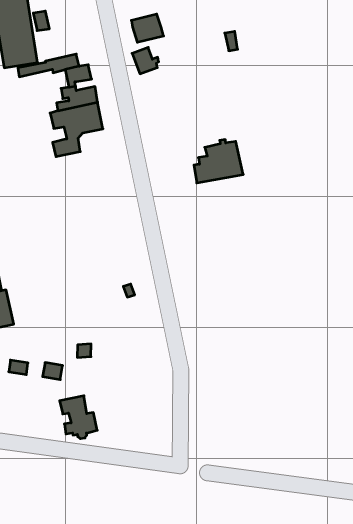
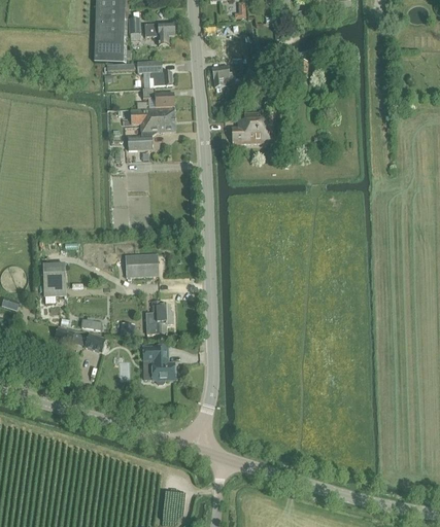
building: none -> [145,22,176,44]
building: [194,140,243,183] -> [231,110,274,145]
building: none -> [126,253,160,277]
building: none -> [146,300,173,333]
building: [60,396,97,439] -> [144,346,174,384]

